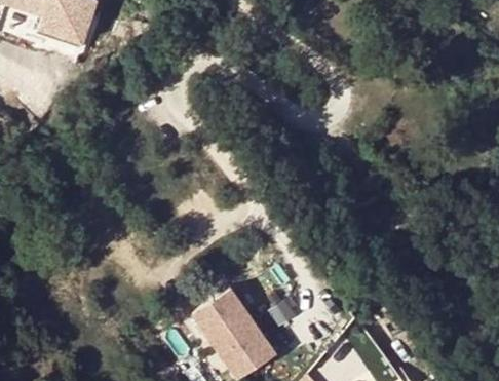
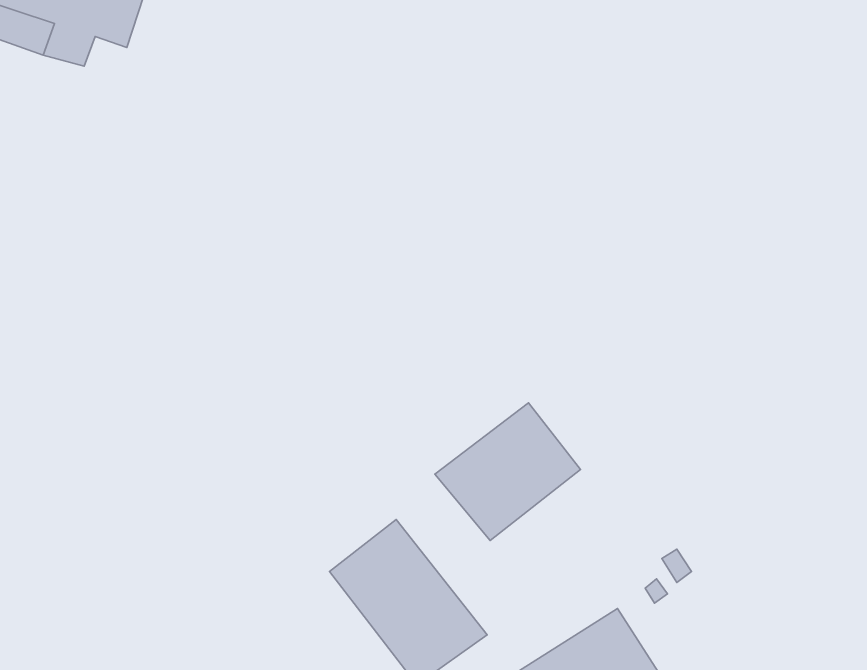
building: none -> [435,403,581,541]

